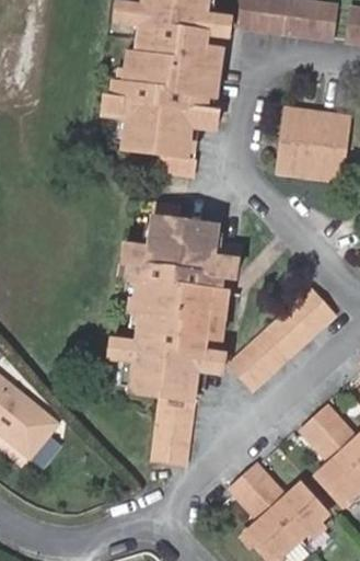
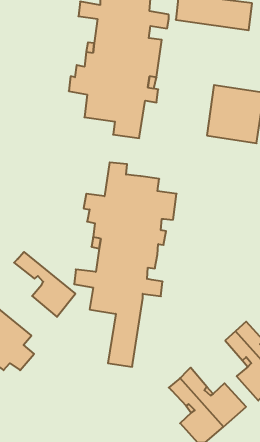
building: [231,290,333,389] -> none
building: none -> [14,252,75,317]

